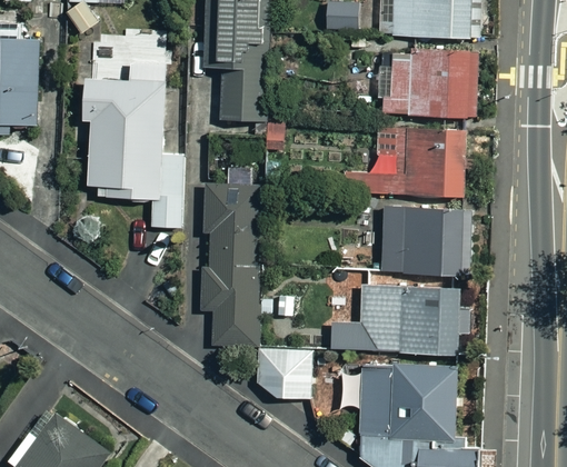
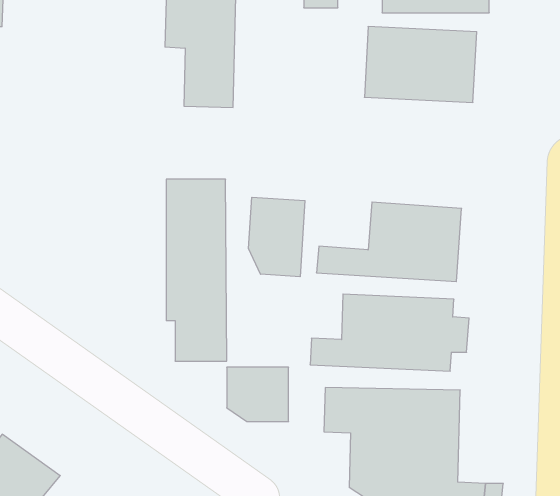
building: [81,80,183,228] -> none
building: [346,126,464,196] -> none
building: none -> [249,197,305,277]

